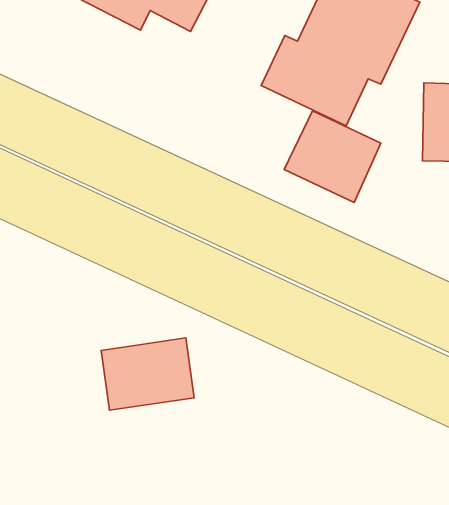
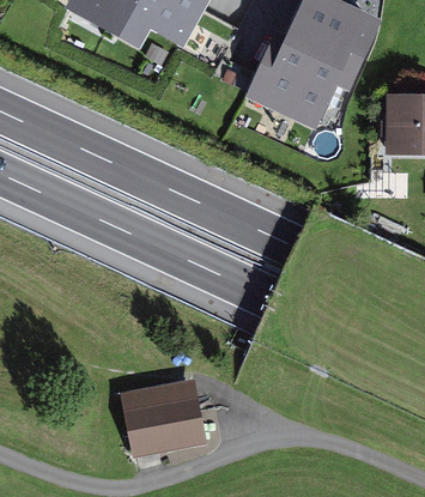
building: [284,111,381,203] -> none
building: [101,338,194,410] -> [126,377,206,440]

